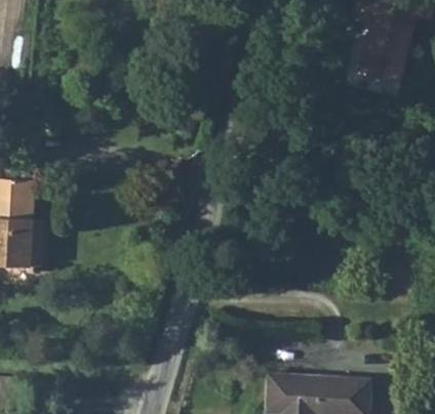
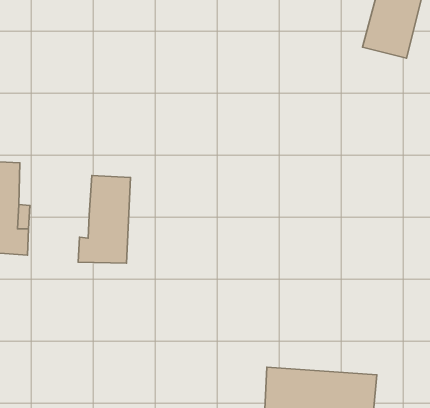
building: none -> [78,176,131,263]

